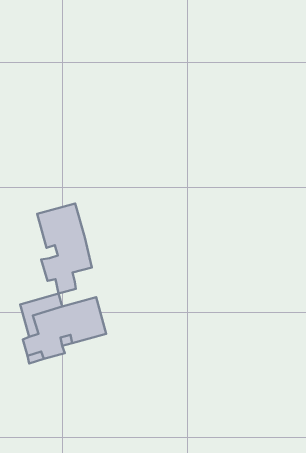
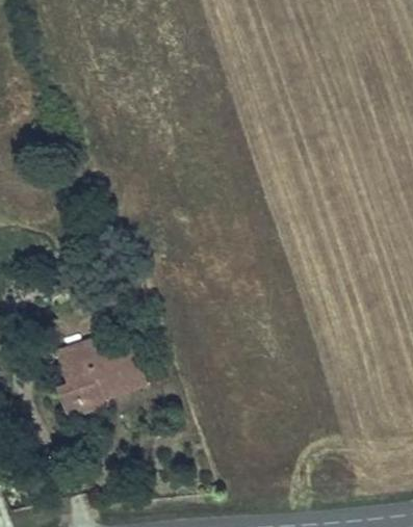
building: [37,203,92,294] -> none

